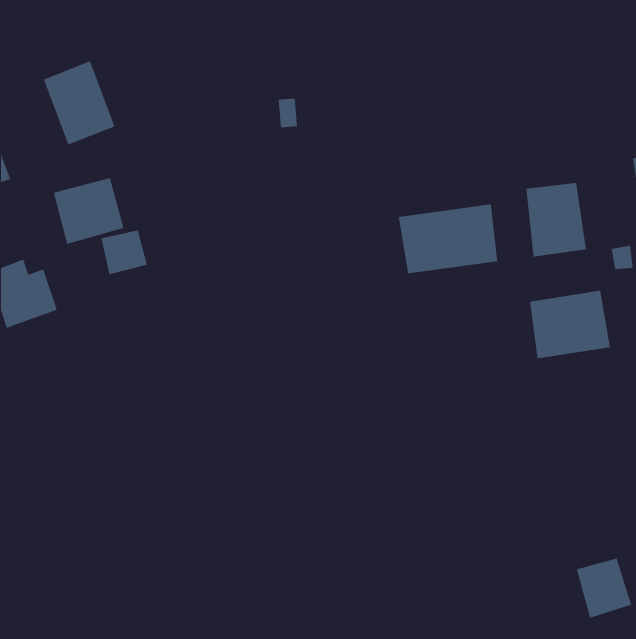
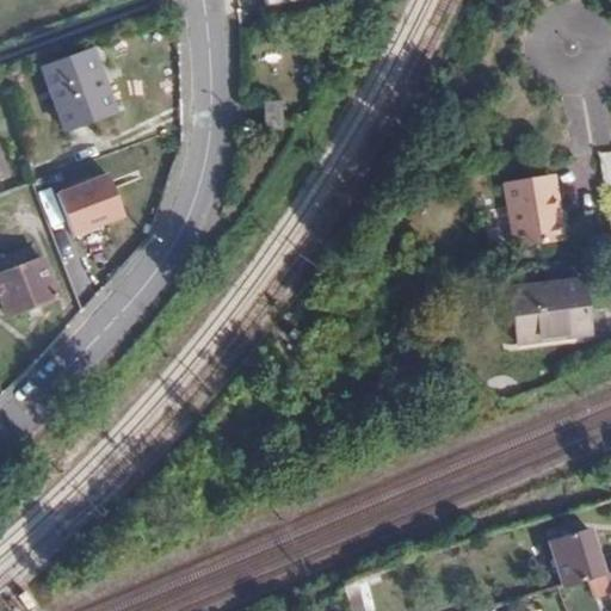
building: [398,204,498,274] -> none
building: [101,230,148,275] -> none

